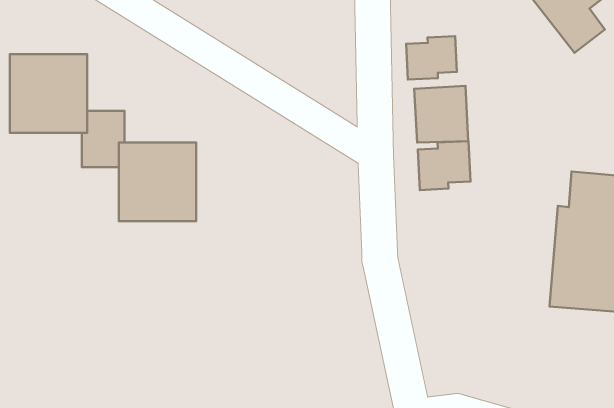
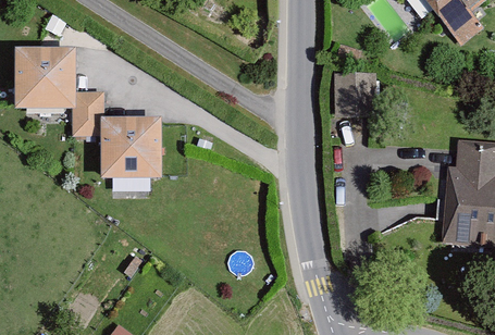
building: [406,36,457,80] -> none
building: [418,141,471,190] -> none

